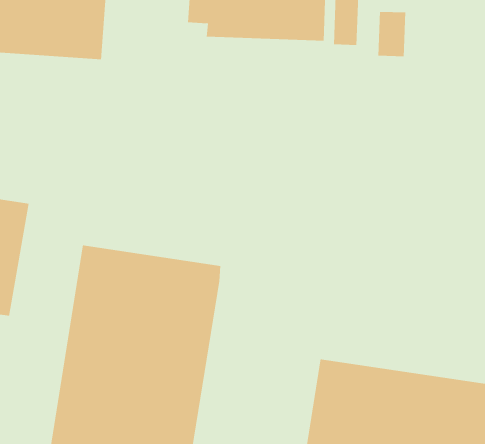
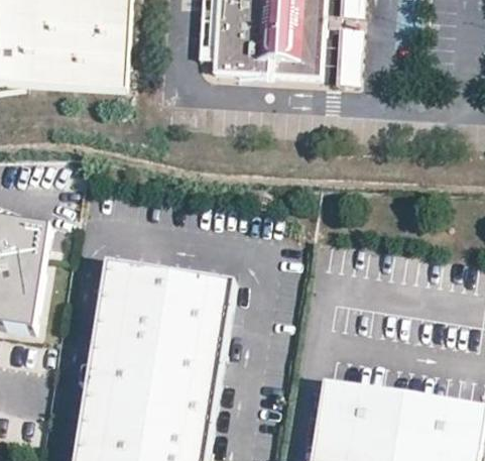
building: [378,11,406,57] -> none

